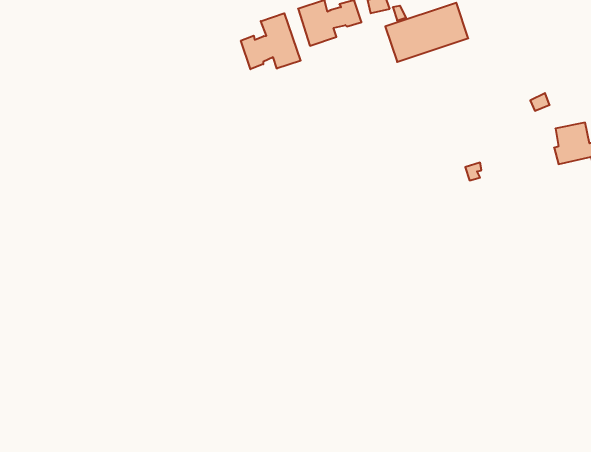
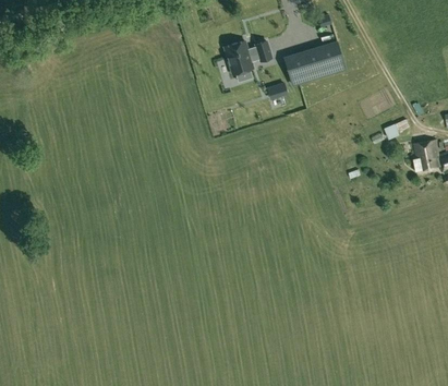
building: [241,13,301,69] -> none

